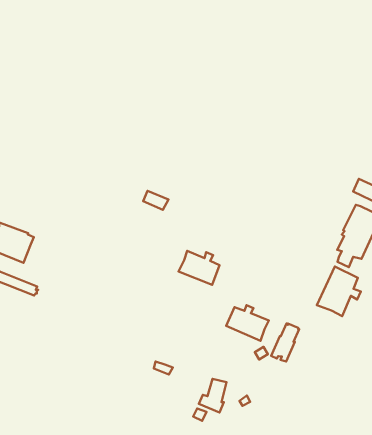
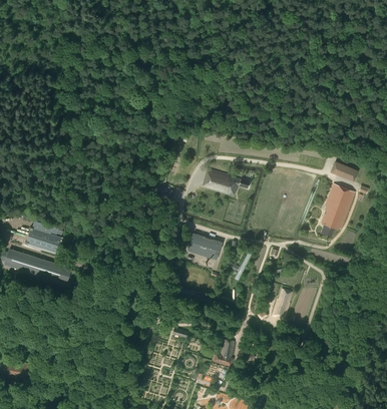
building: none -> [203,168,251,195]
building: [317,267,361,316] -> none
building: [226,305,269,341] -> none

